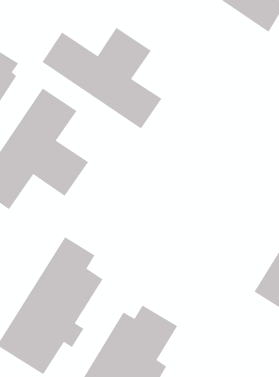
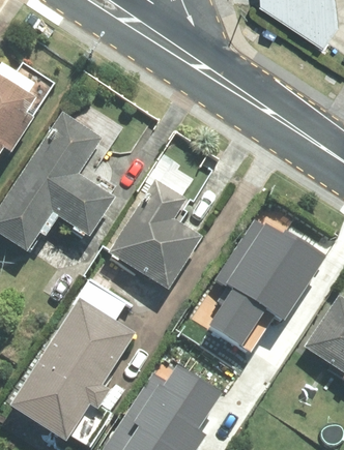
building: [41,27,162,129] -> none
building: none -> [108,179,200,290]
building: none -> [210,221,322,349]

